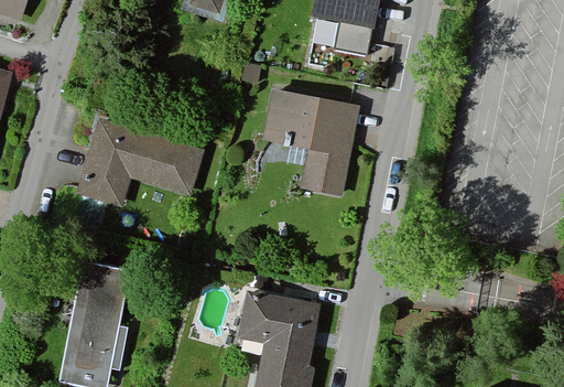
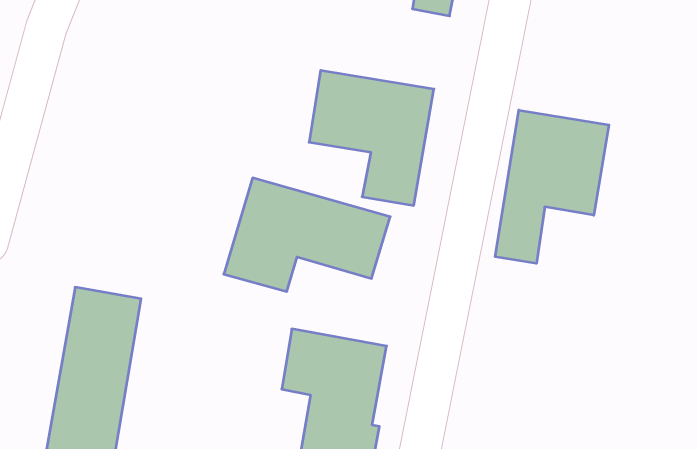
building: [76,119,204,206] -> [224,178,390,291]
building: none -> [495,110,609,263]

